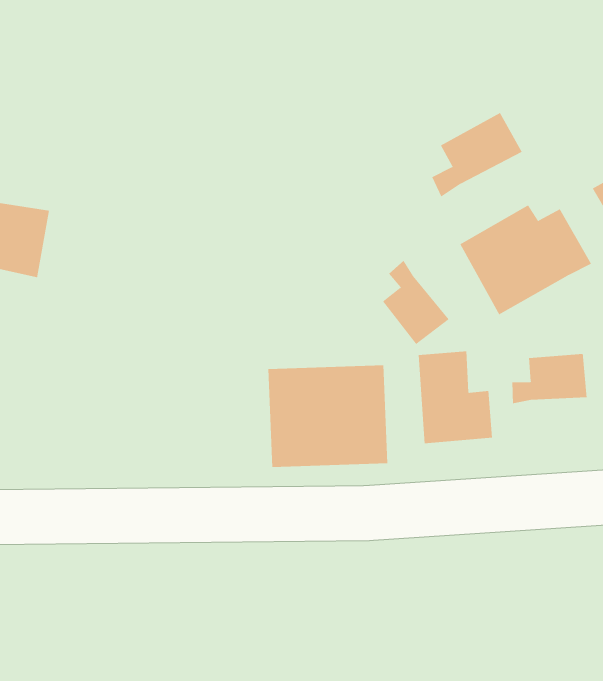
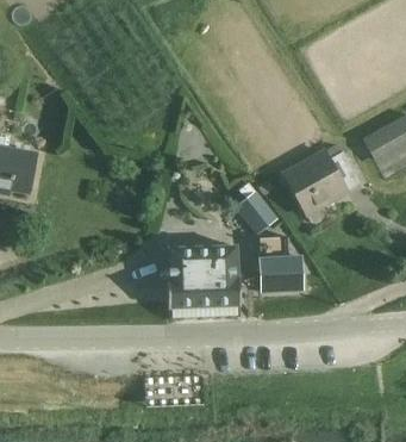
building: [432,112,523,197] -> none
building: [512,353,587,404] -> none

